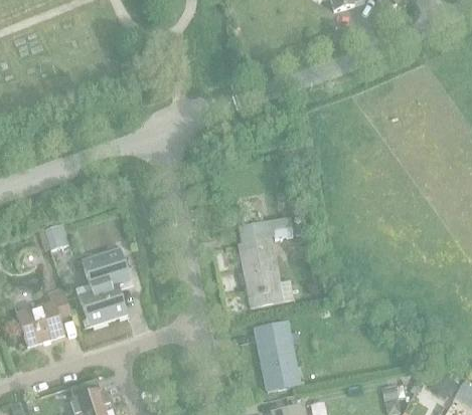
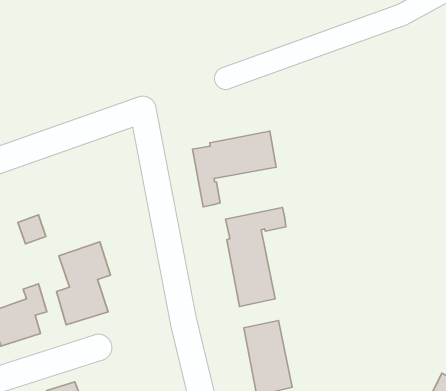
building: none -> [193,131,276,207]

